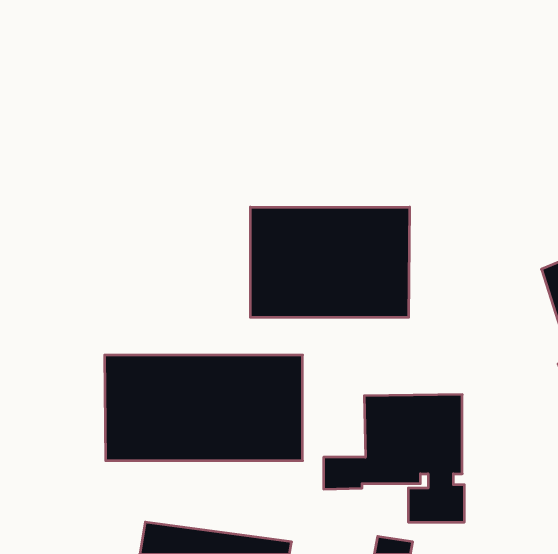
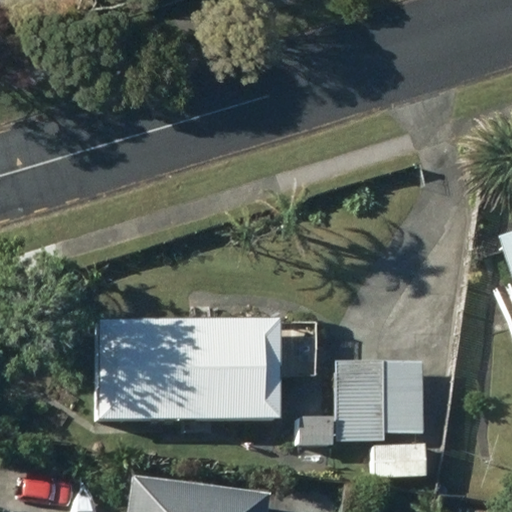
building: [250,207,410,317] -> none

